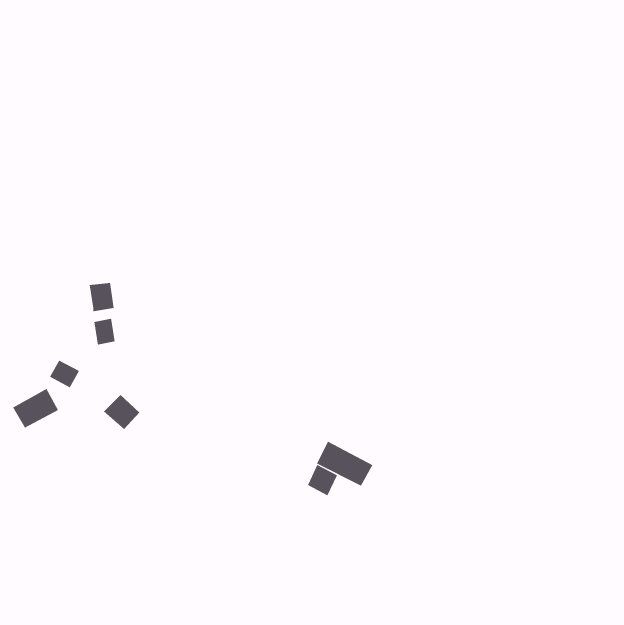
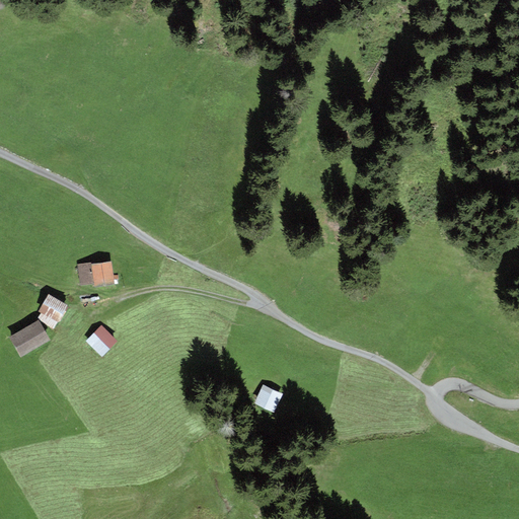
building: [89,282,115,312] -> [92,261,114,285]
building: [316,441,373,486] -> none

